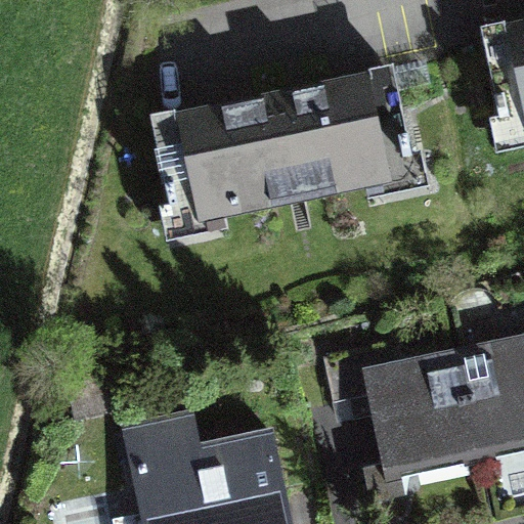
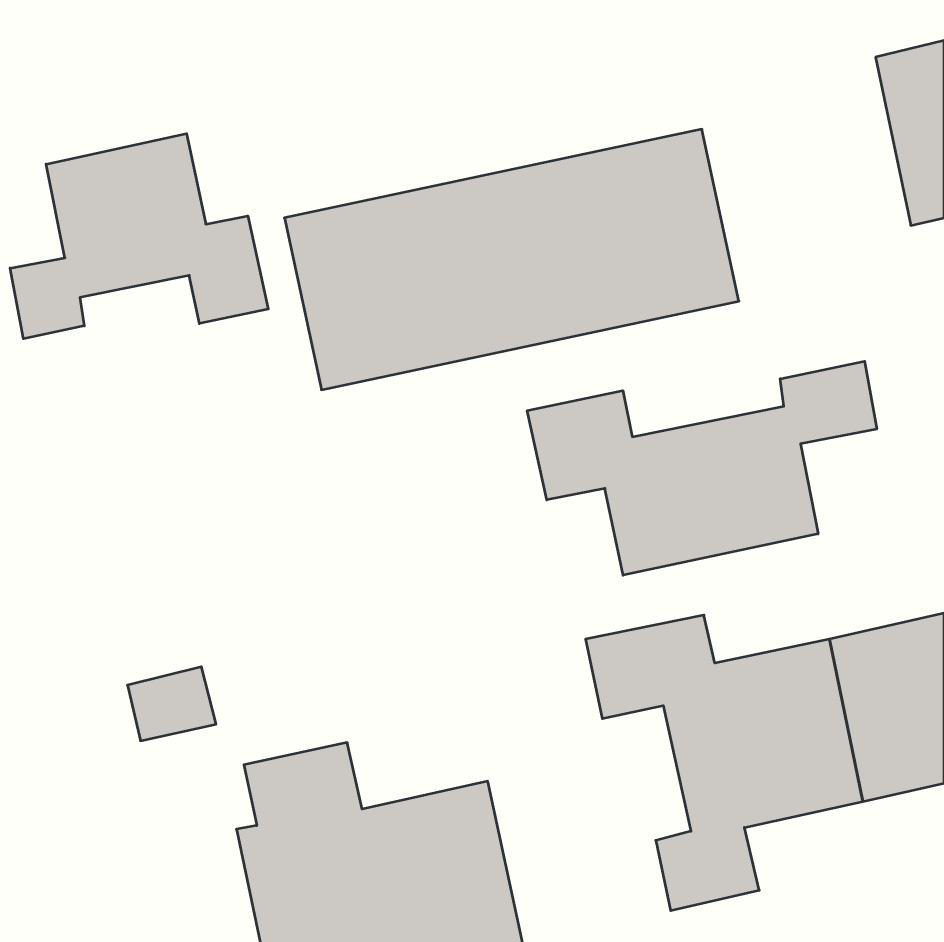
building: none -> [10,134,268,339]
building: none -> [527,361,877,575]

